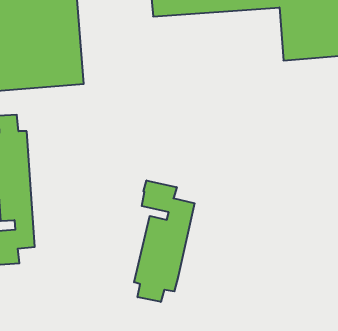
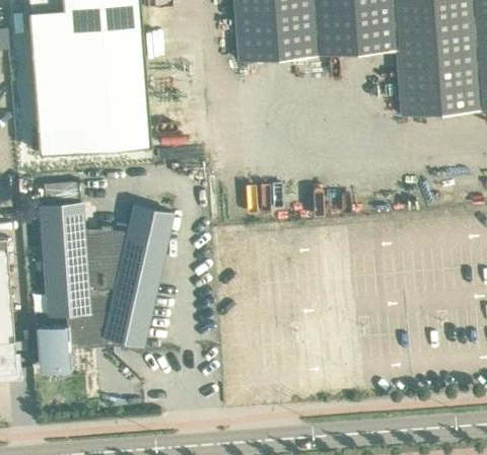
building: none -> [82,206,170,355]
building: [134,180,195,302] -> none

